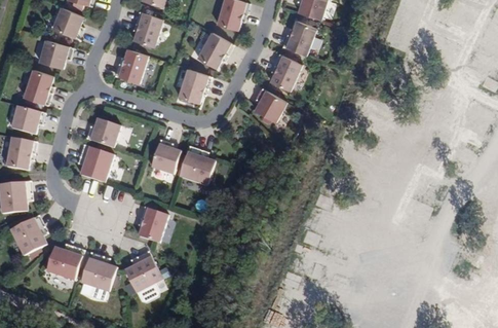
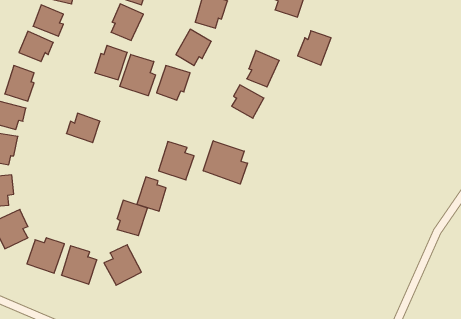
building: [282,21,316,56] -> [298,31,331,65]
building: none -> [120,54,155,96]
building: [151,139,181,174] -> [137,177,166,211]
building: [77,144,114,182] -> none
building: none -> [203,141,248,184]

